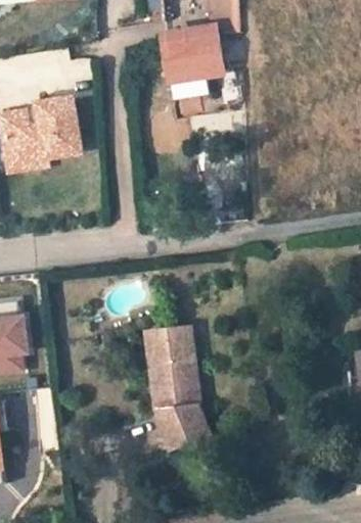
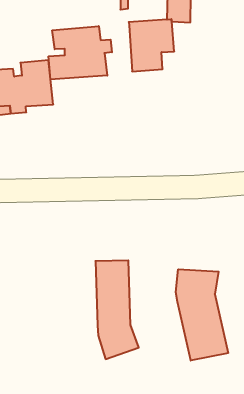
building: none -> [49,26,112,80]
building: none -> [176,269,228,361]

